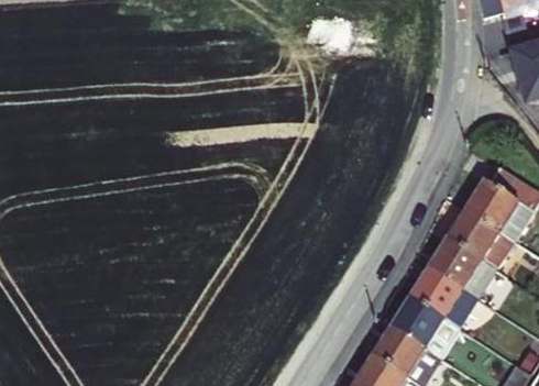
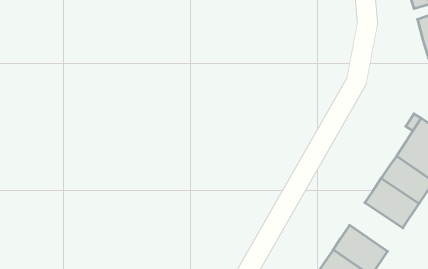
building: [425,268,490,328] -> none

